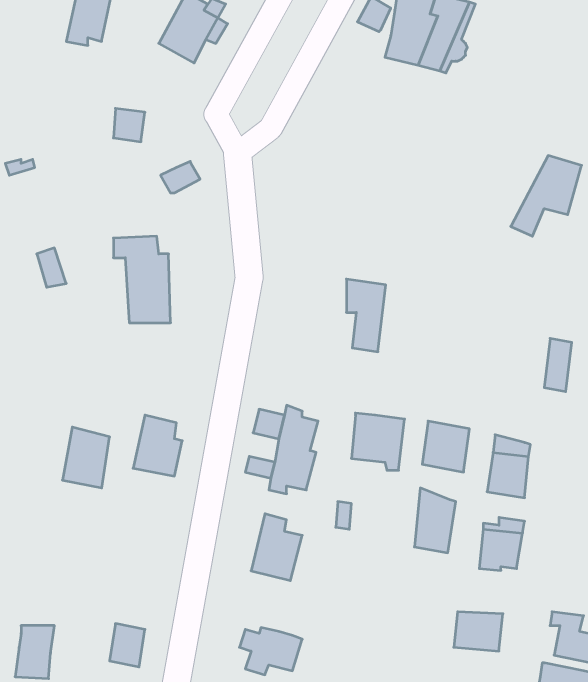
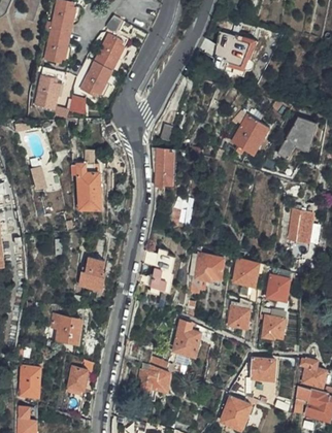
building: none -> [79,62,112,95]
building: none -> [34,75,59,109]
building: none -> [230,111,269,158]
building: [346,279,386,352] -> [154,148,174,187]
building: [62,427,110,488] -> [52,312,76,344]
building: [251,514,302,581] -> [172,322,199,357]

